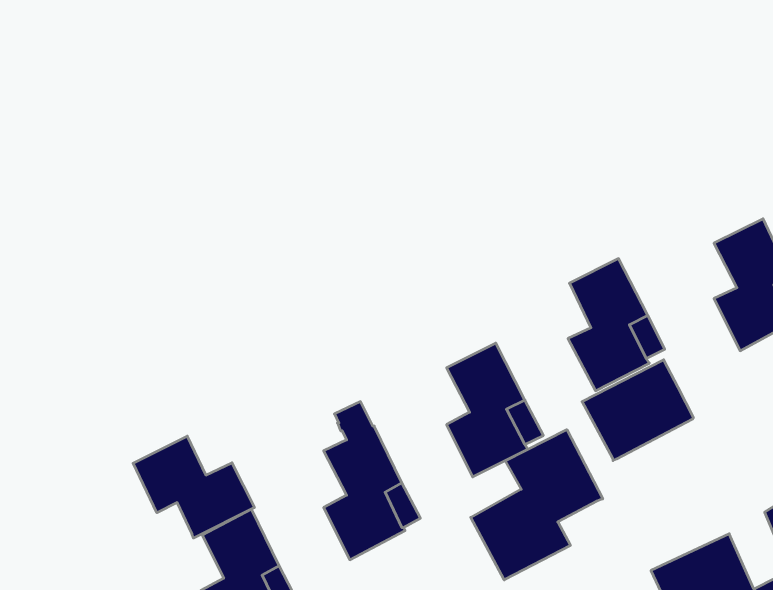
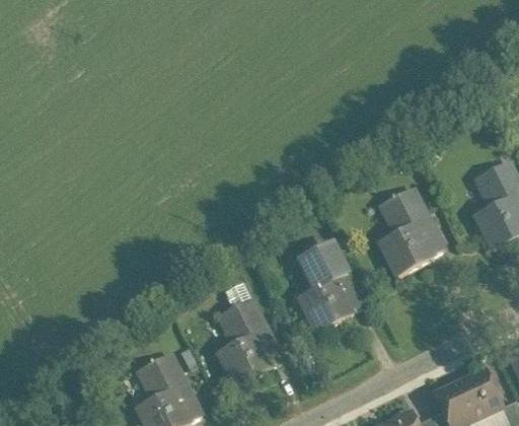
building: [582,360,693,461] -> none
building: [471,430,603,580] -> none
building: [133,436,254,538] -> none

